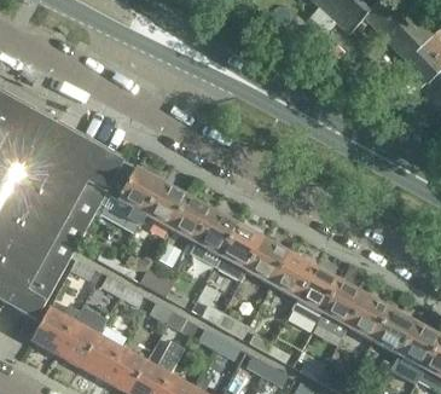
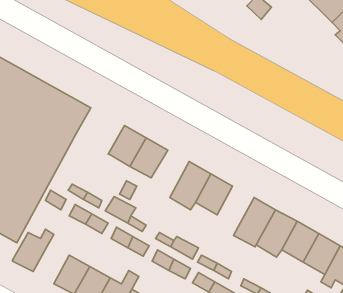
building: [100,161,163,226] -> none
building: [191,210,239,266] -> none
building: [272,253,315,300] -> none
building: [56,303,109,367] -> none

